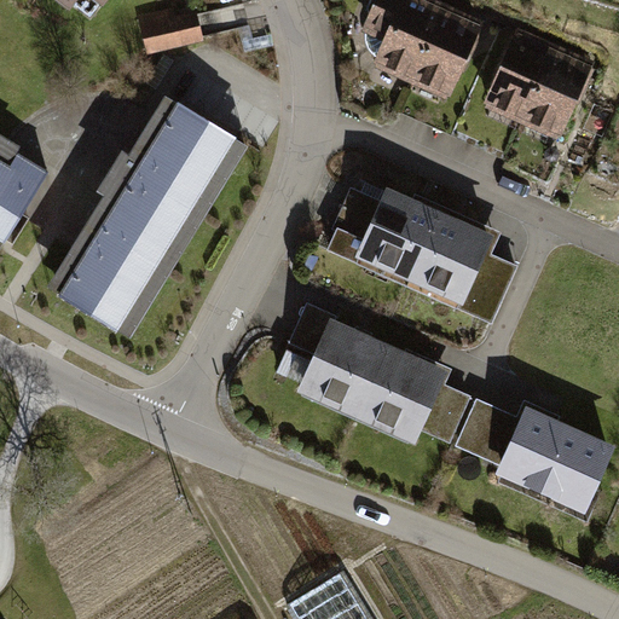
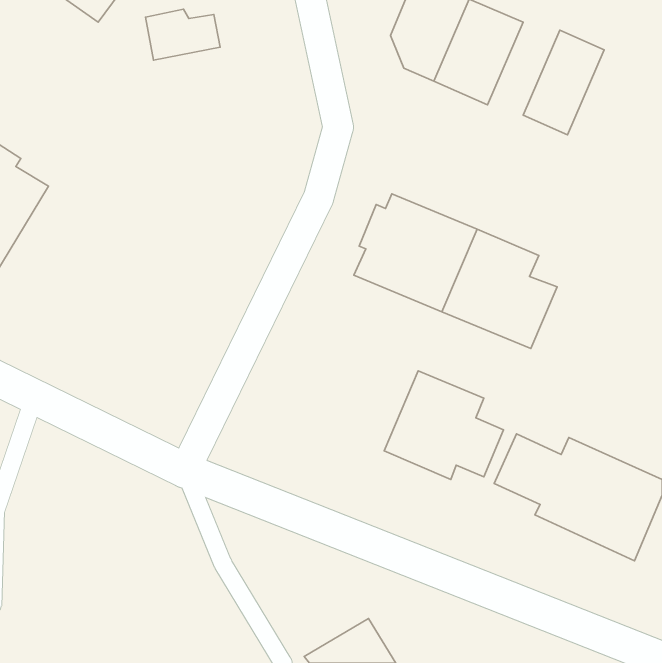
building: [523,46,598,141] -> none
building: [47,96,247,336] -> none
building: [284,306,386,416] -> none

